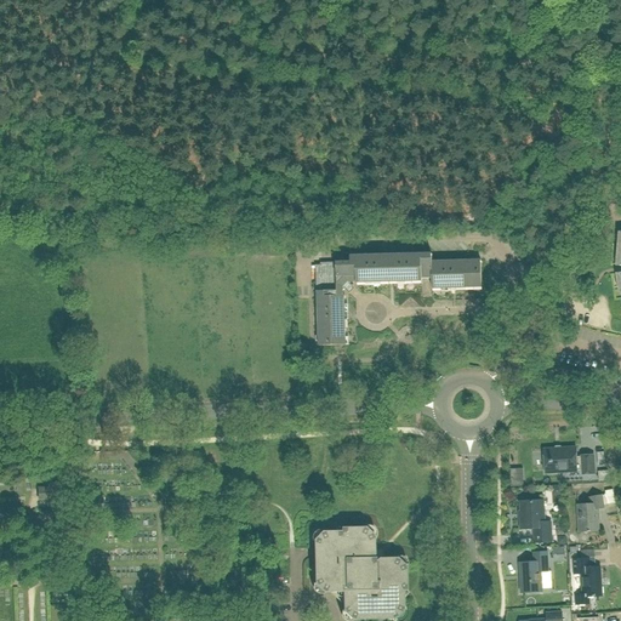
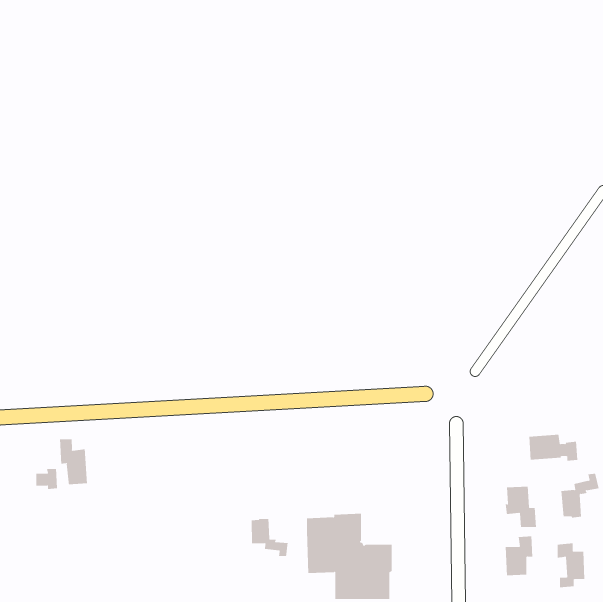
building: [314,251,480,343] -> none
building: none -> [59,439,88,485]
building: none -> [251,518,288,557]

